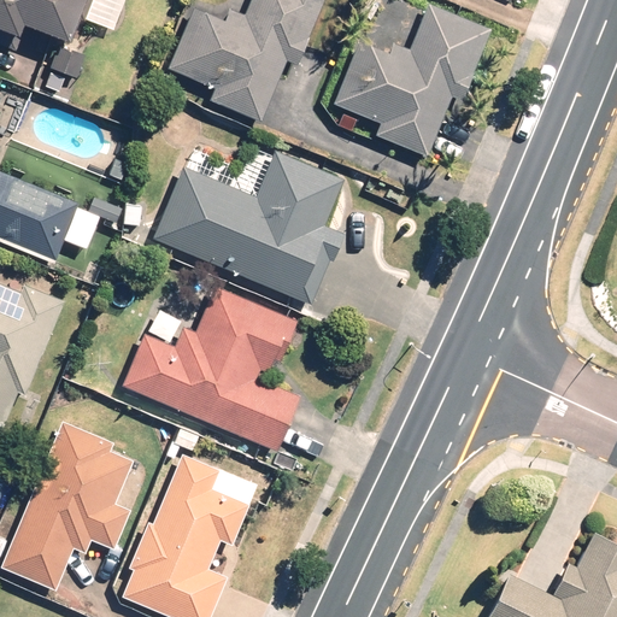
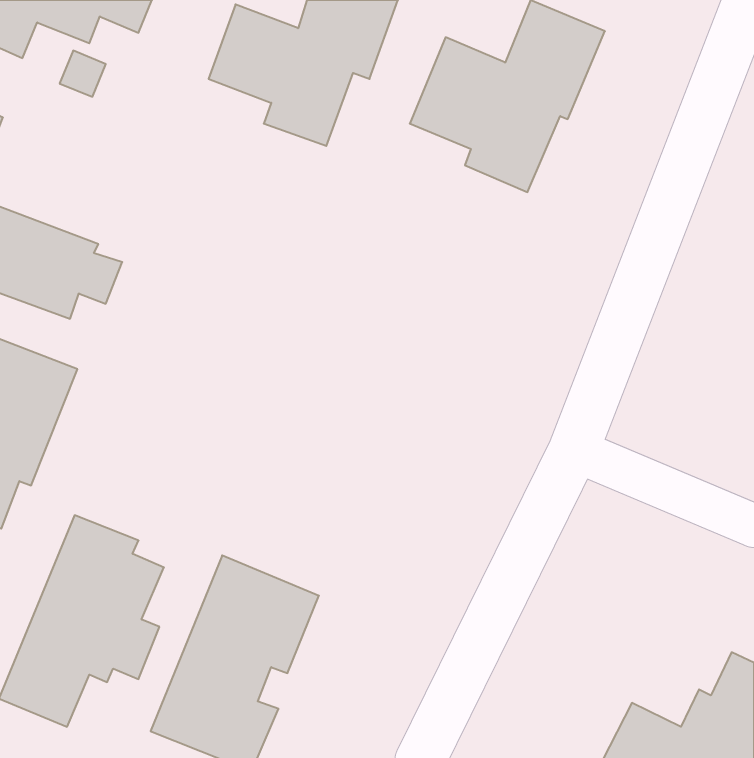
building: [151,148,345,308] -> none
building: [119,286,301,452] -> none

